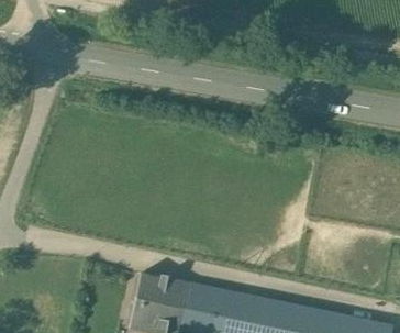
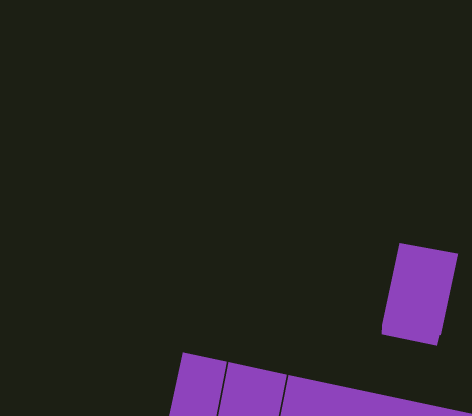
building: none -> [381,242,459,347]

